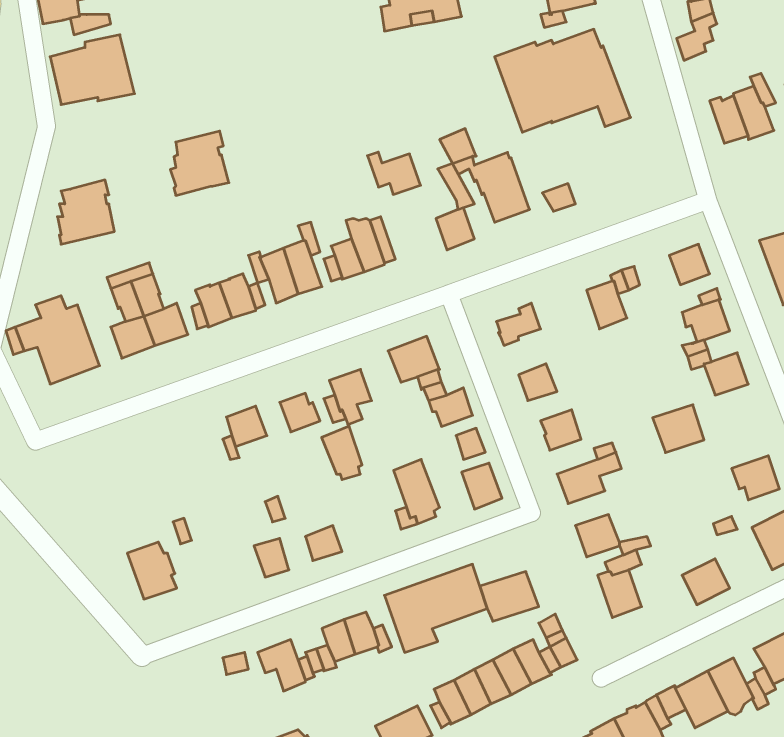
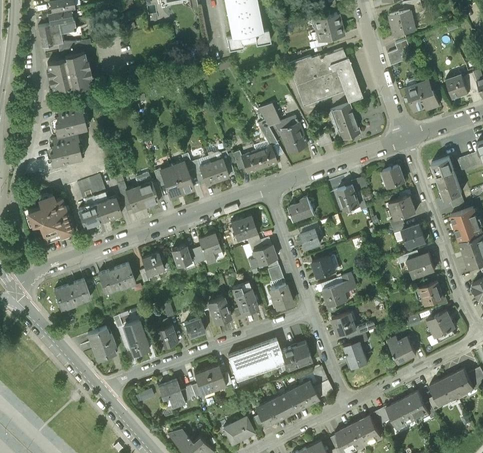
building: none -> [329,103,360,140]
building: [170,131,229,195] -> [54,100,86,135]
building: [367,152,421,194] -> [233,150,262,173]
building: [653,405,704,453] -> [406,253,434,279]
building: [322,426,362,480] -> [208,297,230,326]
building: none -> [99,264,134,292]
building: none -> [54,279,90,309]
building: none -> [126,328,149,355]

